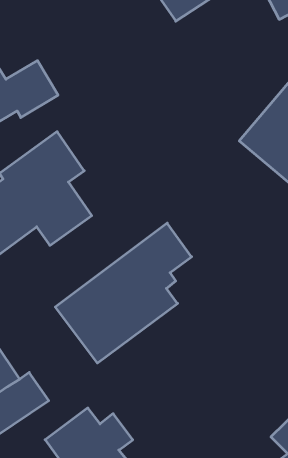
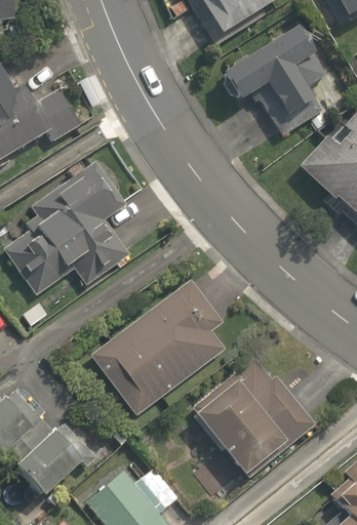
building: none -> [224,34,327,139]
building: none -> [187,350,314,483]

